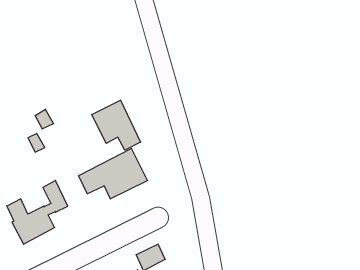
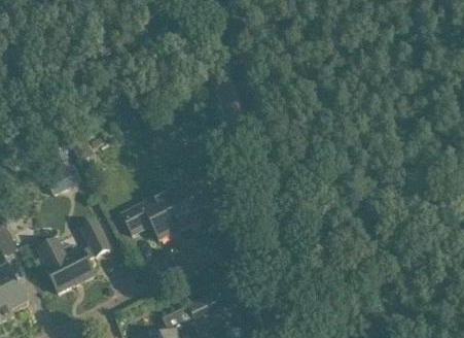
building: [92,100,141,150] -> none

